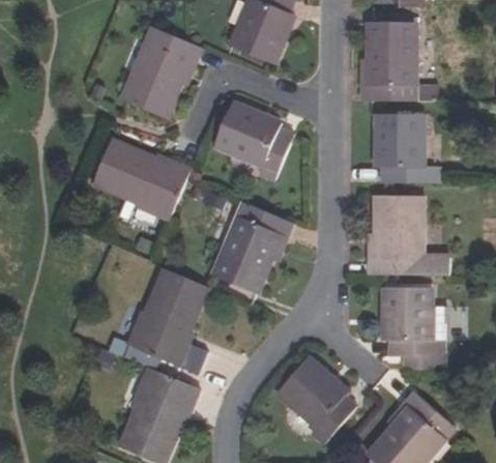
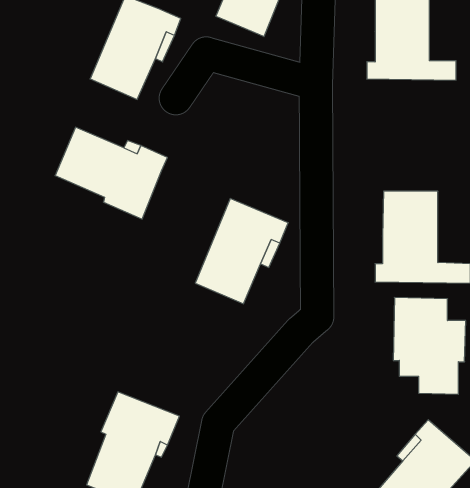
building: [213,103,293,180] -> none
building: [375,114,439,182] -> none
building: [126,269,207,366] -> none
building: [276,356,355,443] -> none

